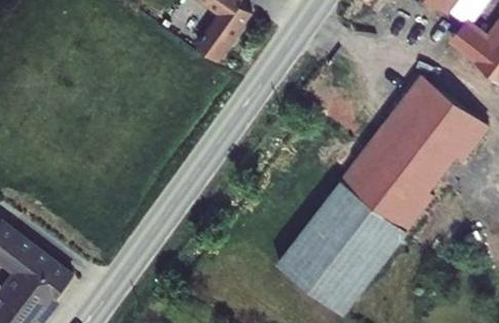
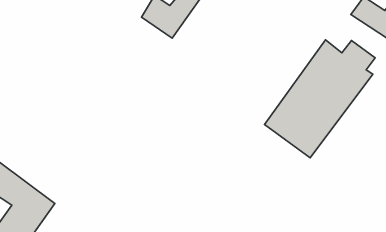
building: [277,182,399,309] -> none

